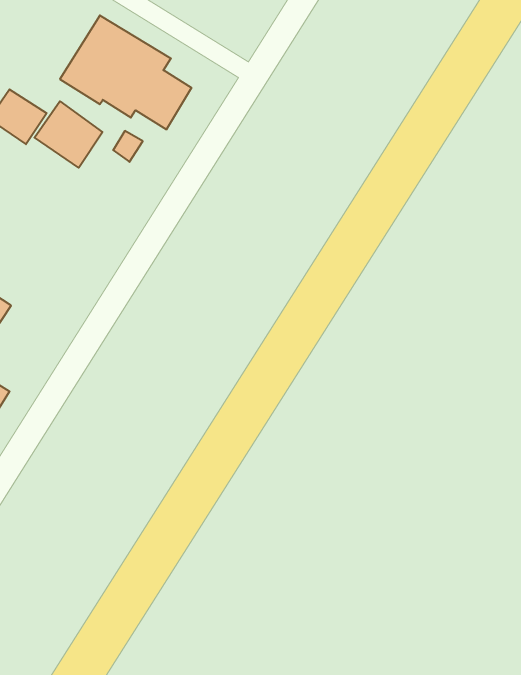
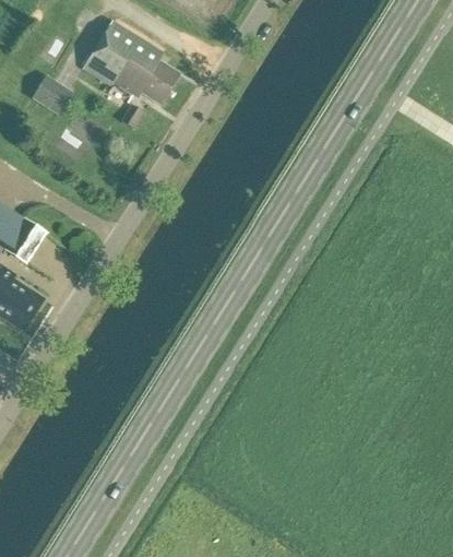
building: [34,101,102,168] -> none

